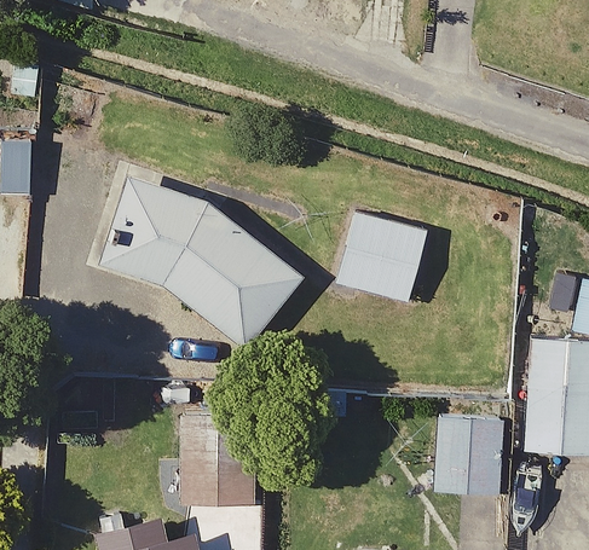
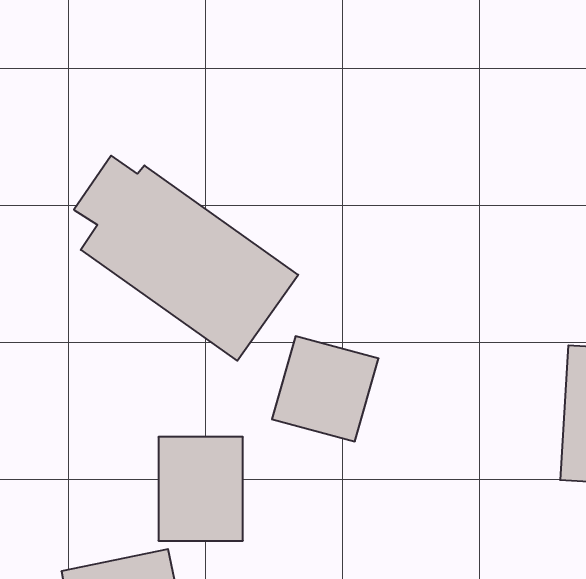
building: [334,213,427,305] -> [272,336,379,441]
building: [435,416,502,496] -> none

